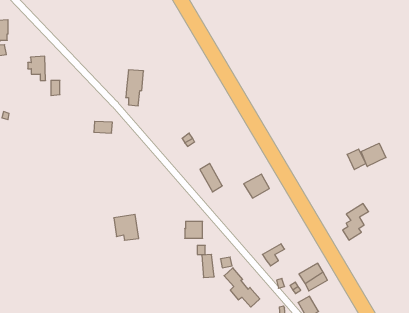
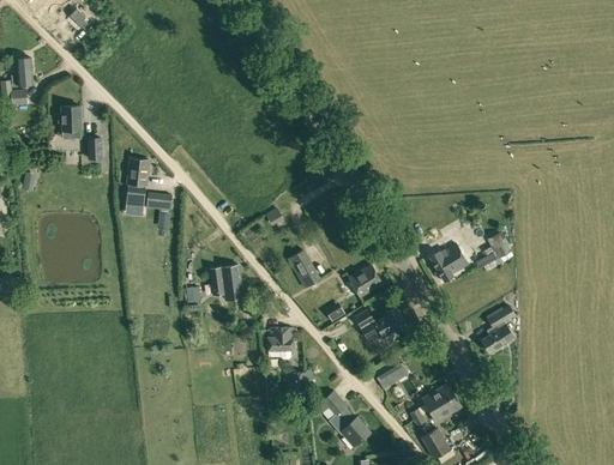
building: [126,70,144,106] -> [126,159,150,207]
building: [361,143,386,167] -> none
building: none -> [429,246,466,282]
building: none -> [354,307,408,339]
building: [114,214,139,240] -> [210,265,243,300]

